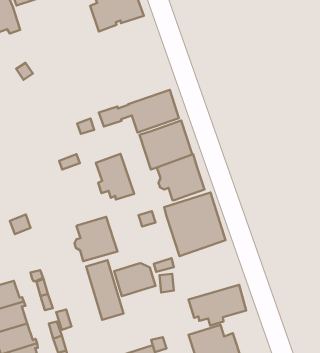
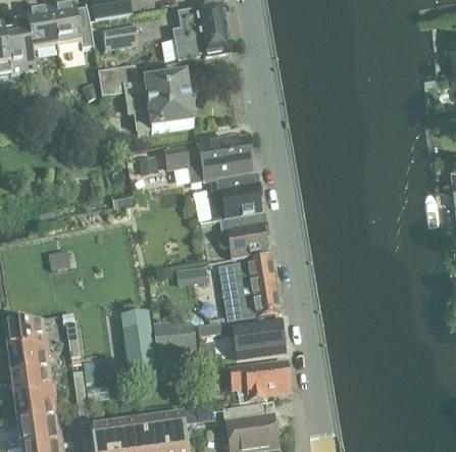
building: none -> [101,24,138,48]
building: none -> [100,66,194,130]
building: [96,154,134,200] -> none
building: [75,217,118,261] -> none
building: none -> [232,318,286,359]

